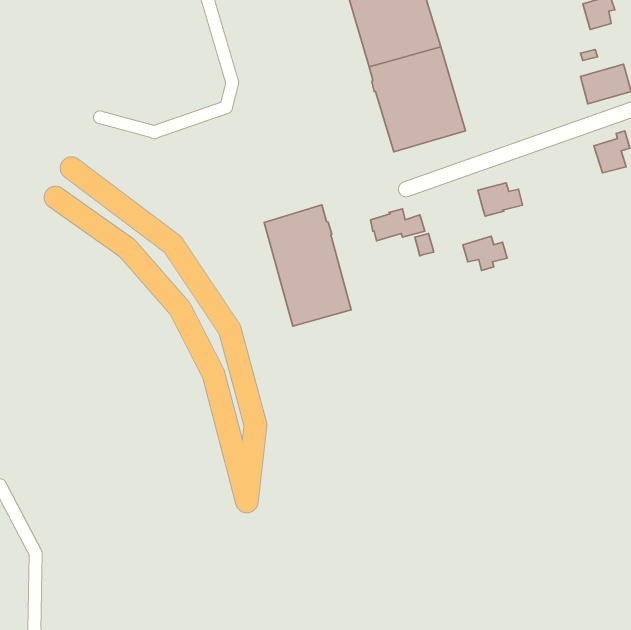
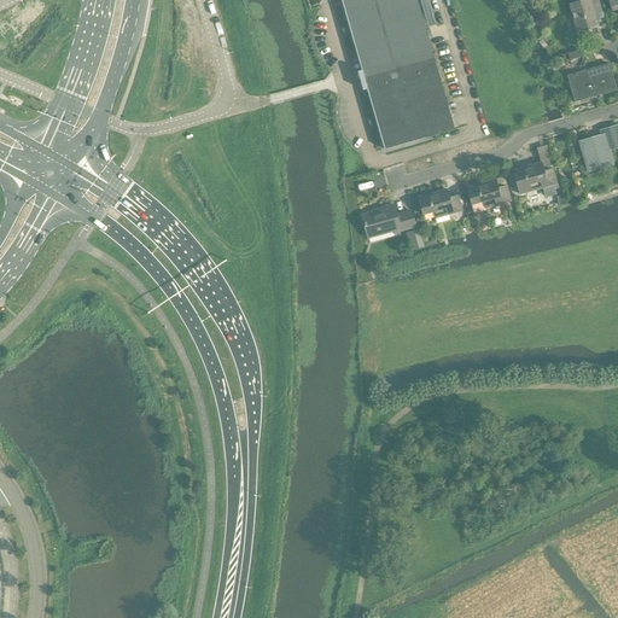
building: none -> [513,162,556,193]
building: [264,205,351,326] -> none
building: [463,236,507,271] -> [419,188,462,222]

